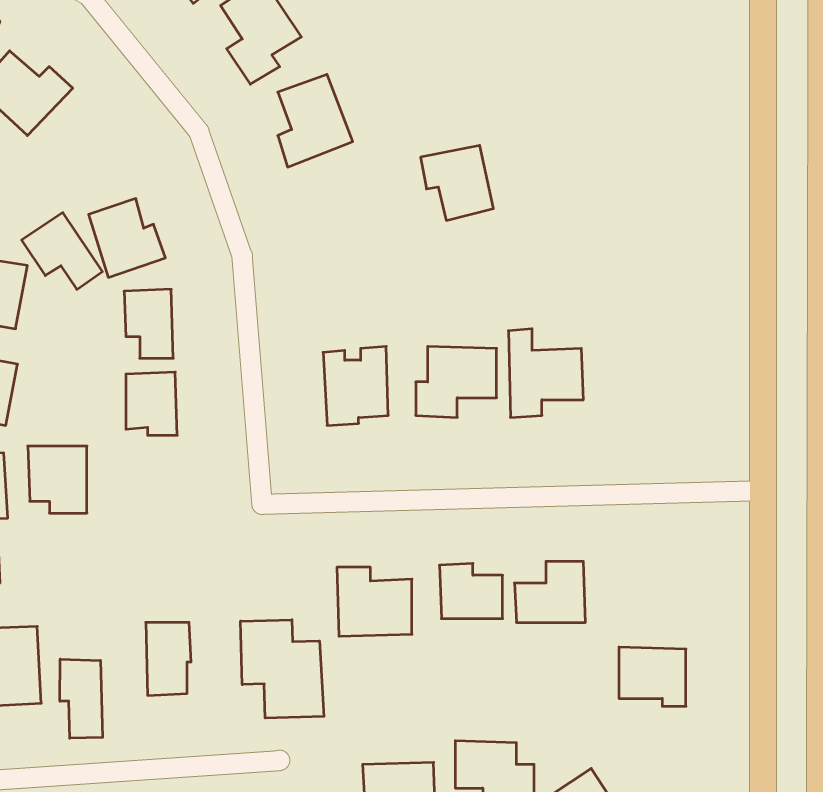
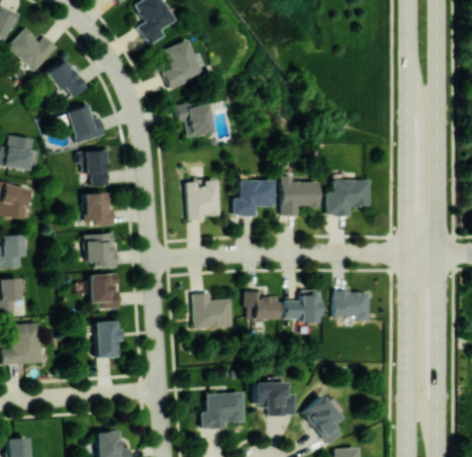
building: [421,145,493,220] -> [175,100,212,139]
building: [22,213,102,289] -> [45,59,87,98]
building: none -> [326,180,370,216]
building: [28,446,87,513] -> [85,234,115,268]
building: none -> [90,274,119,308]
building: [241,620,324,718] -> none
building: [619,647,686,706] -> [335,291,369,322]
building: [60,659,103,738] -> none

